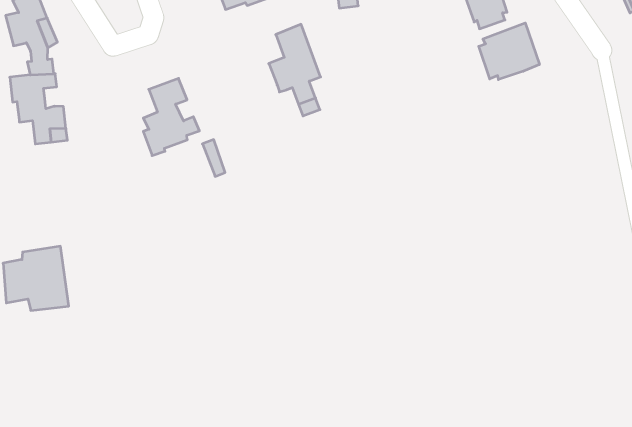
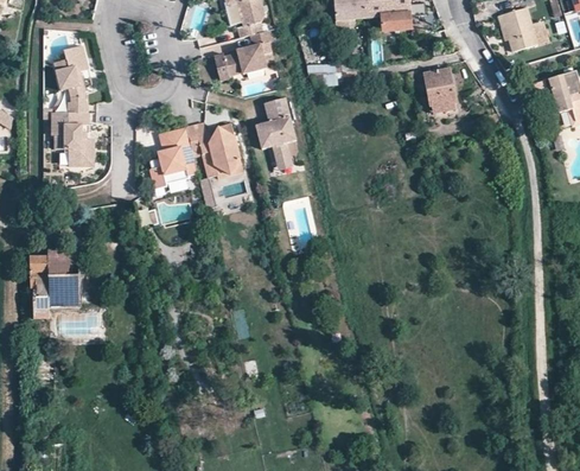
building: [479,23,539,80] -> none
building: none -> [186,121,244,177]

